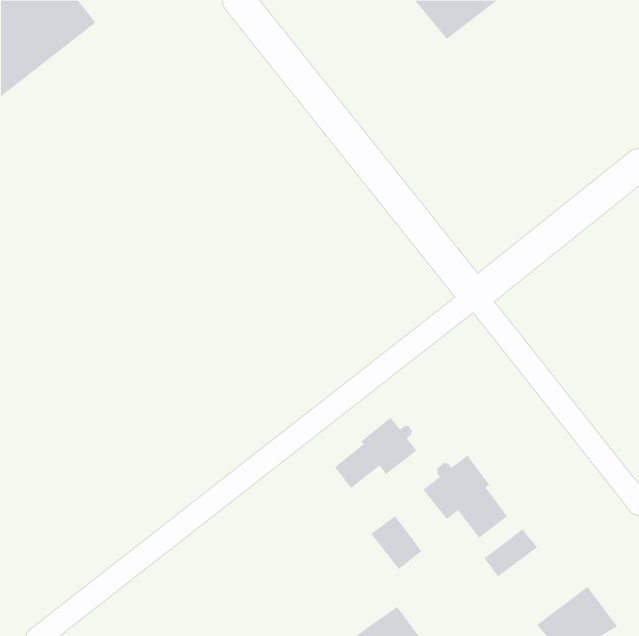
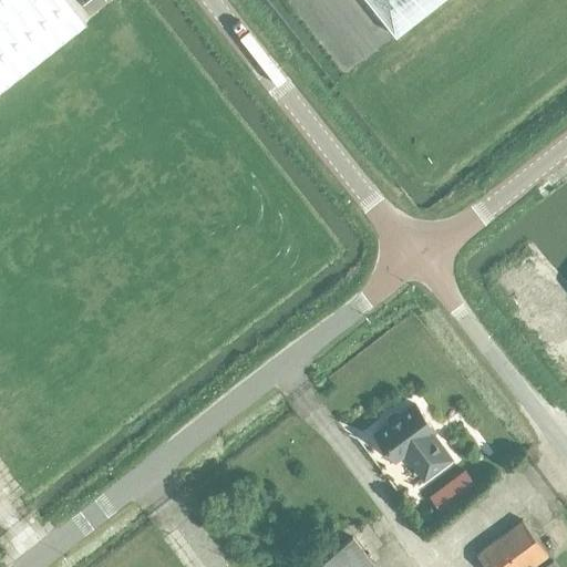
building: [334,417,417,489] -> none
building: [371,515,422,570] -> none

